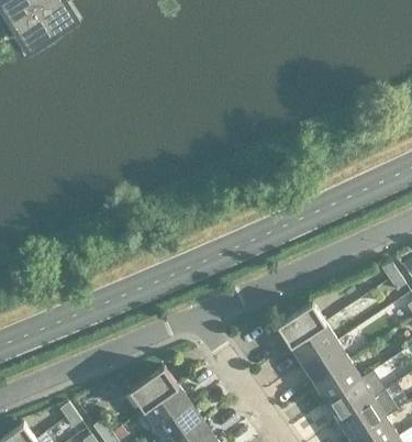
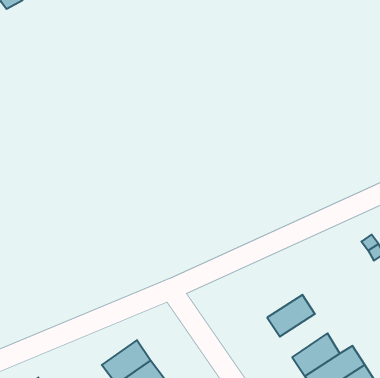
building: [277,302,324,344] -> none
building: [302,341,348,383] -> none

